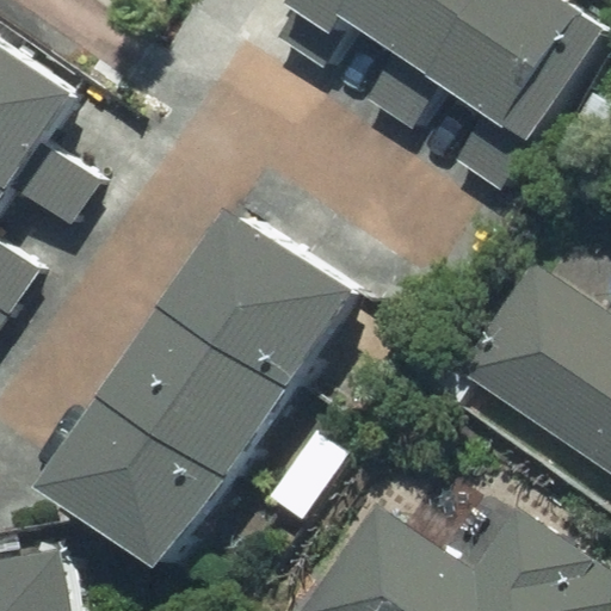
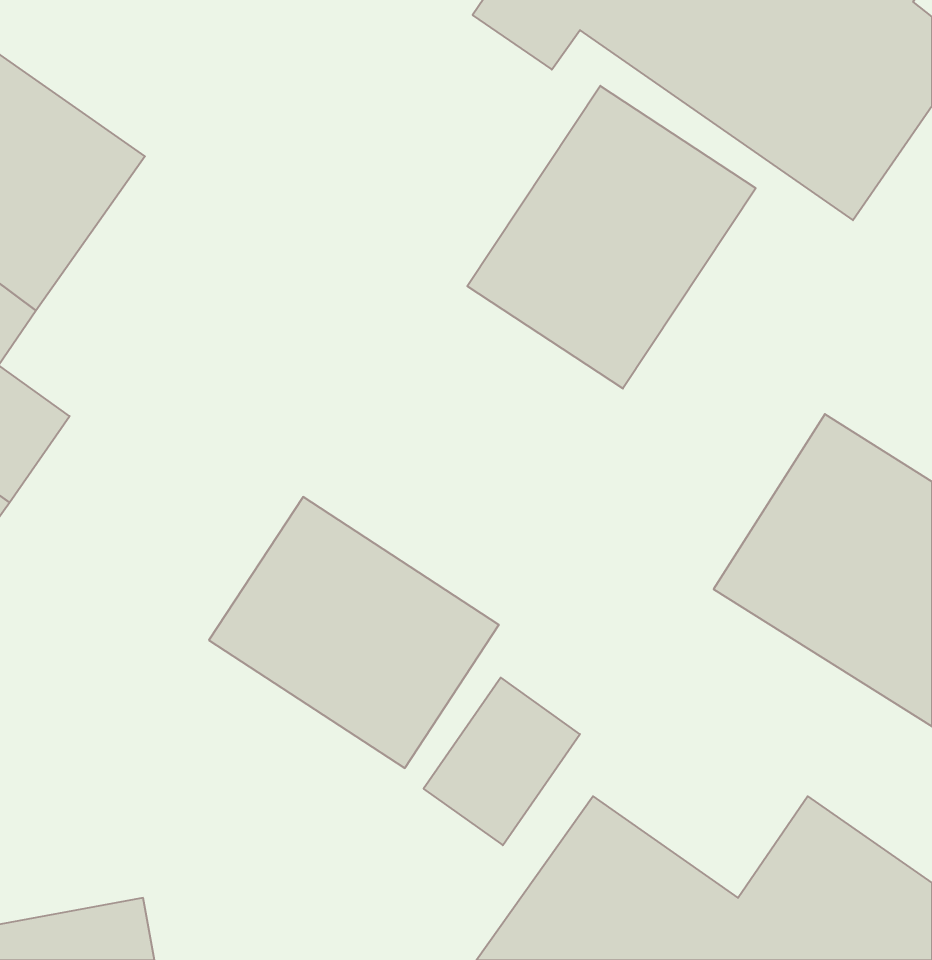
building: none -> [467,86,756,389]
building: [192,210,385,396] -> none
building: [78,406,257,570] -> none

